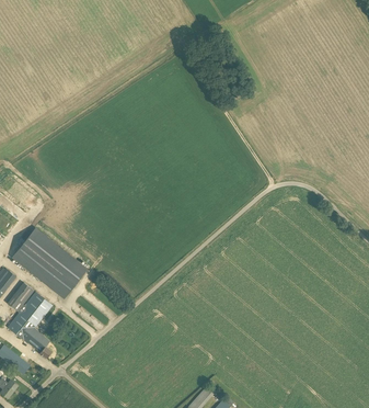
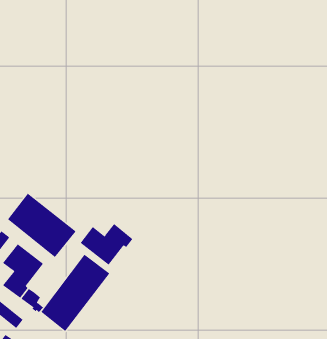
building: none -> [80,223,133,266]
building: none -> [40,254,110,332]

